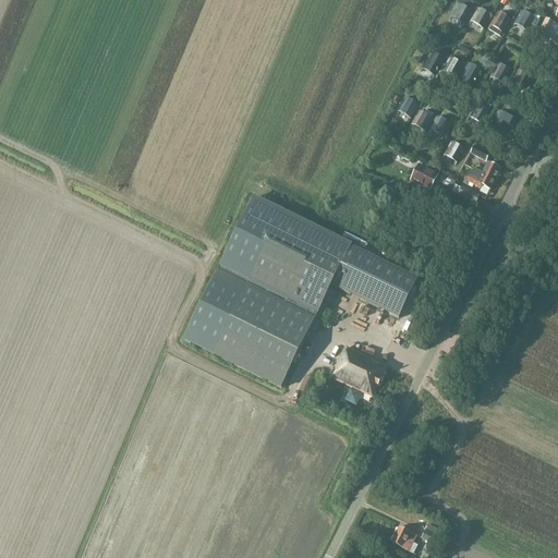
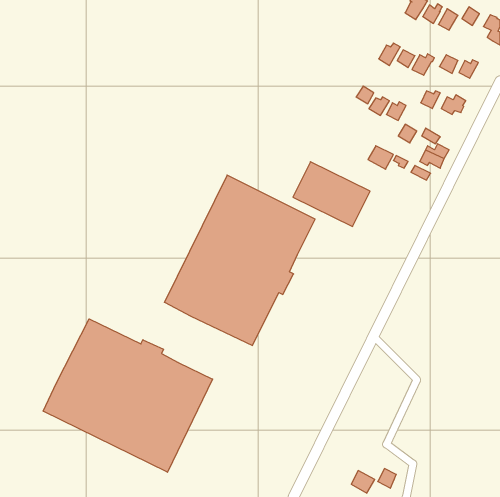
building: [331,244,417,316] -> [293,162,370,226]
building: [330,344,386,398] -> none
building: none -> [43,319,213,472]

